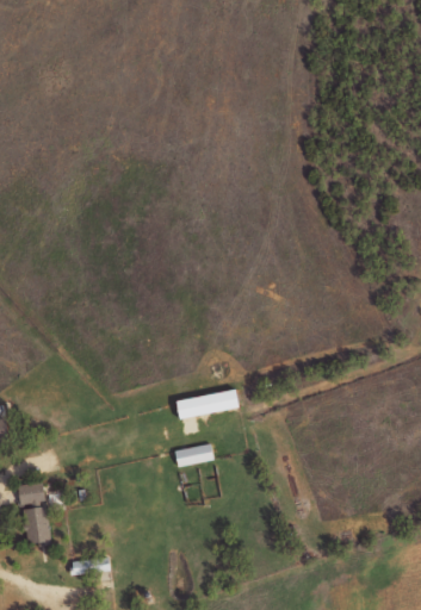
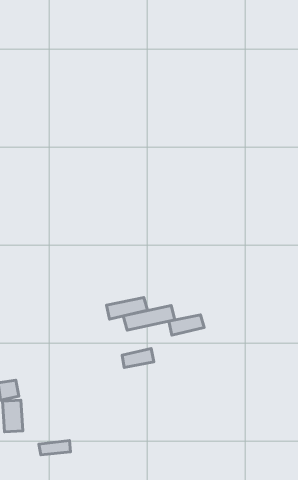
building: none -> [106,297,148,319]
building: none -> [169,315,204,335]

